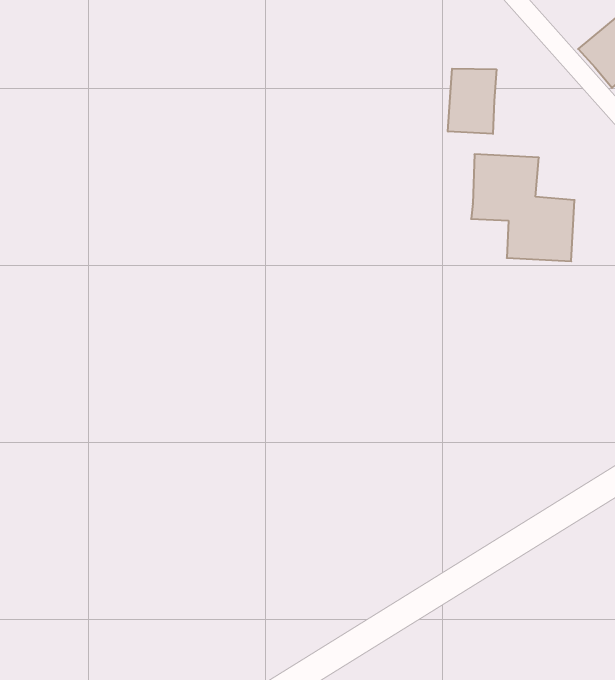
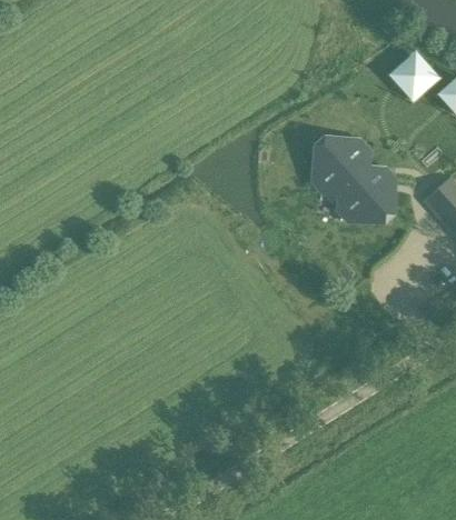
building: [448,69,496,134] -> none

